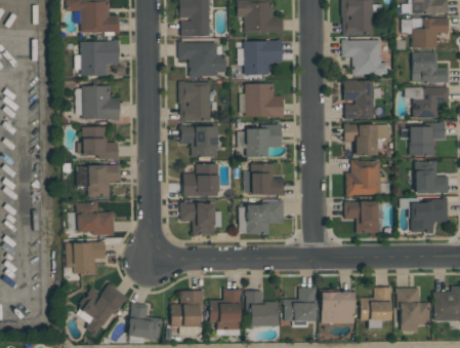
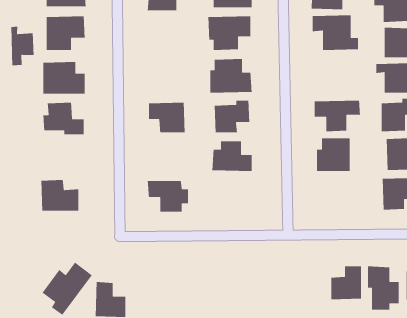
building: [178,42,226,76] -> none
building: none -> [10,26,35,66]
building: [343,81,375,119] -> none
building: [179,82,211,121] -> none
building: [183,164,219,197] -> none
building: [77,165,122,198] -> none
building: [344,201,378,233] -> none
building: [239,202,284,234] -> none
building: [66,242,106,274] -> none
building: [284,287,317,321] -> none
building: [210,289,241,331] -> none
building: [171,291,204,327] -> none
building: [247,291,279,326] -> none
building: [321,292,356,324] -> none

